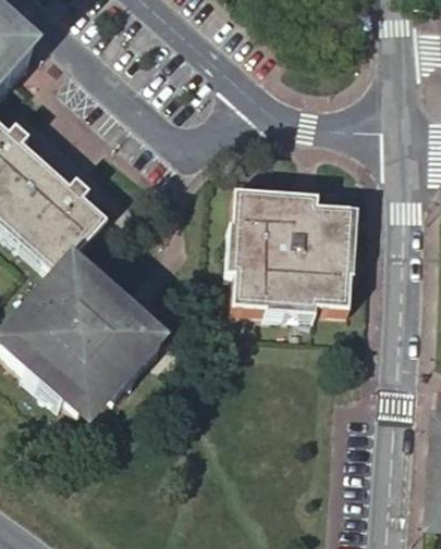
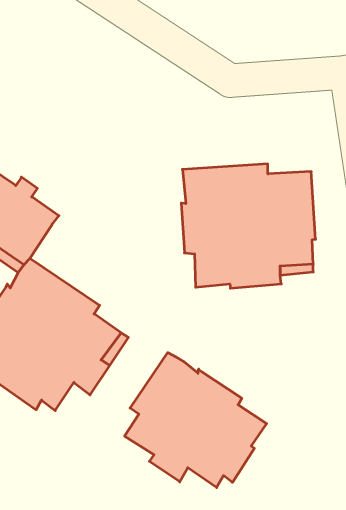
building: none -> [125,353,267,488]

